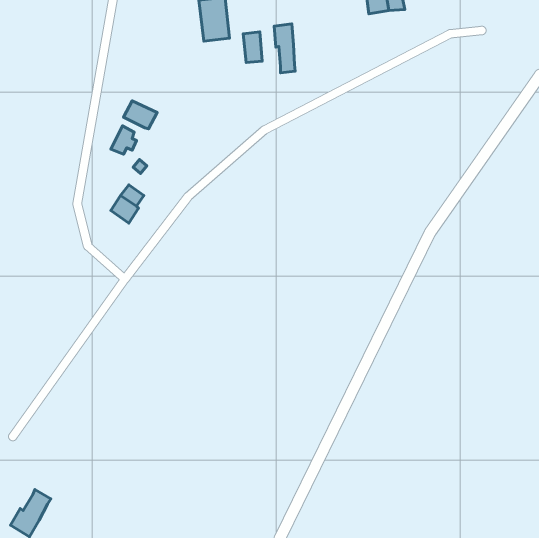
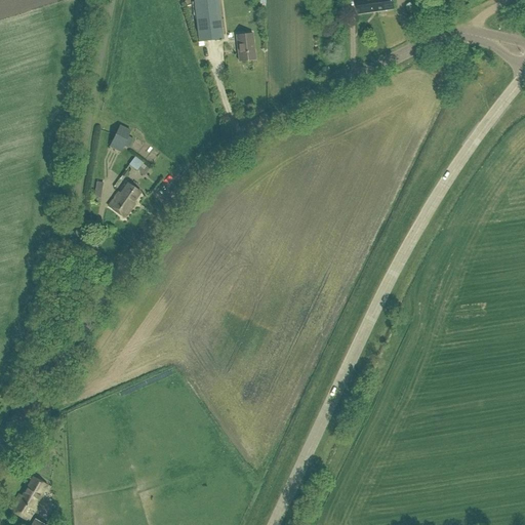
building: [274,24,295,73] -> none
building: [123,101,157,129] -> none

